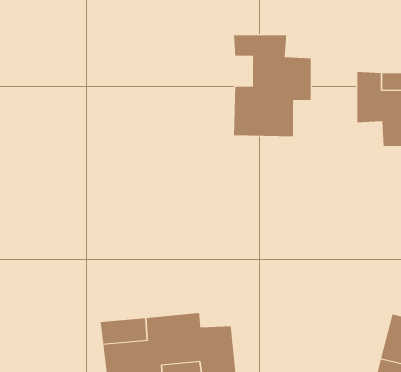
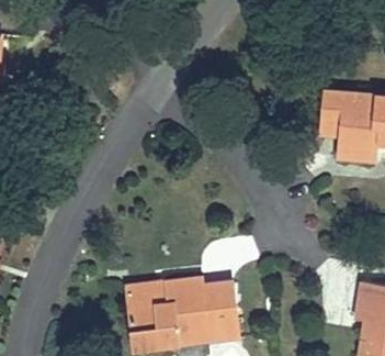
building: [233,34,311,137] -> none

